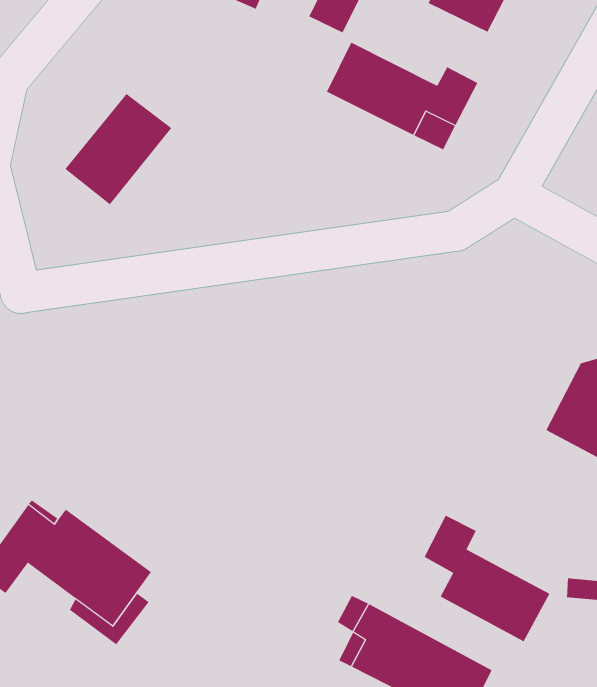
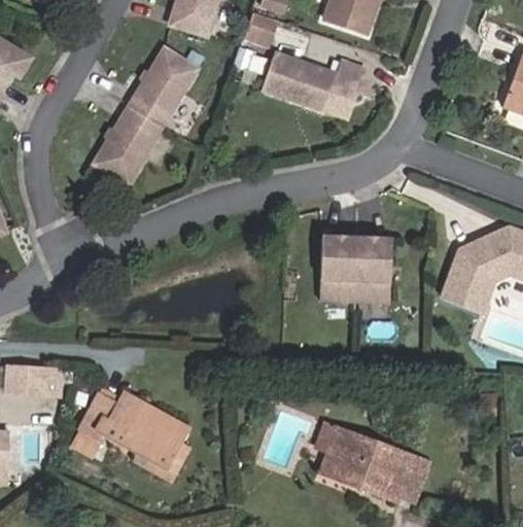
building: none -> [128,47,198,126]
building: none -> [318,235,391,303]
building: [424,515,550,642] -> none

